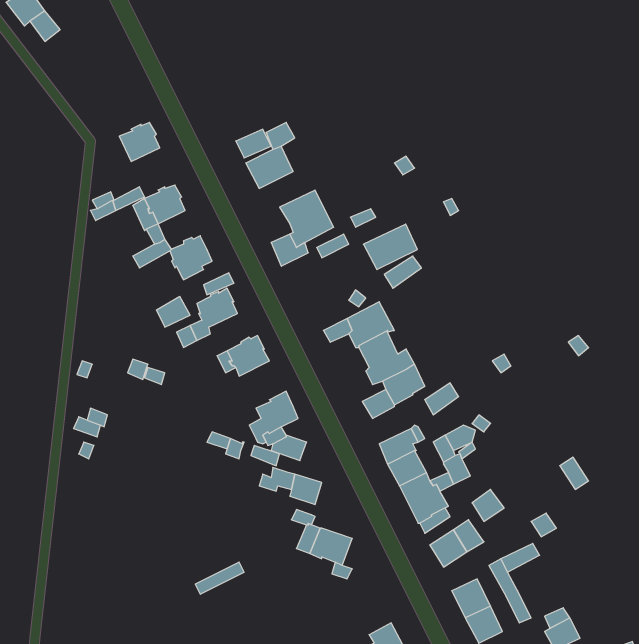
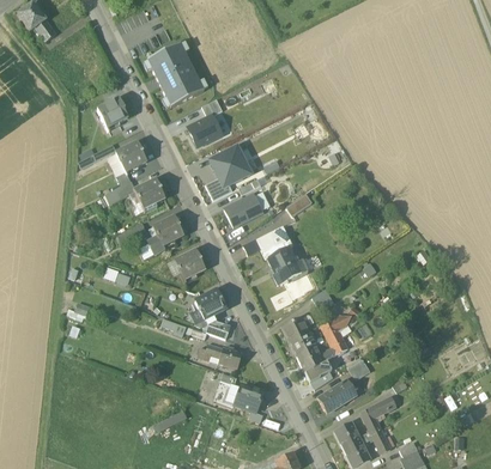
building: none -> [147,43,205,106]
building: [363,224,417,270] -> [224,194,262,226]

